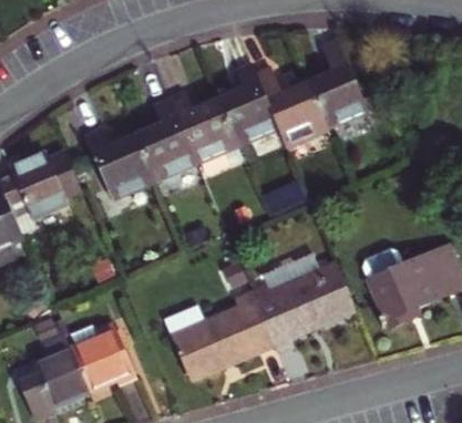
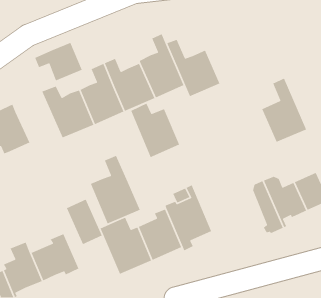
building: [302,41,363,128] -> [261,77,307,143]
building: none -> [34,42,83,81]
building: none -> [90,155,141,225]
building: [285,251,351,326] -> [130,102,180,158]
building: none -> [66,198,103,245]

